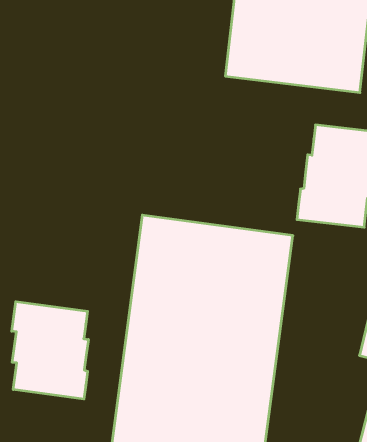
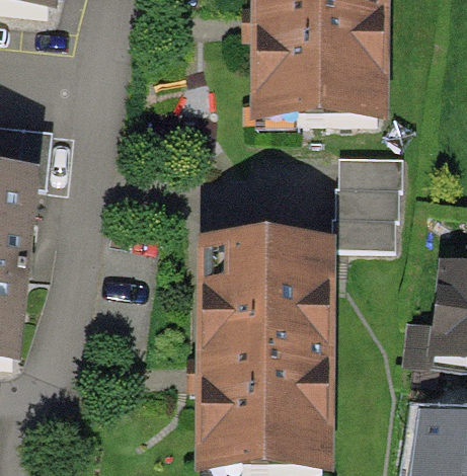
building: [12,302,88,399] -> none

